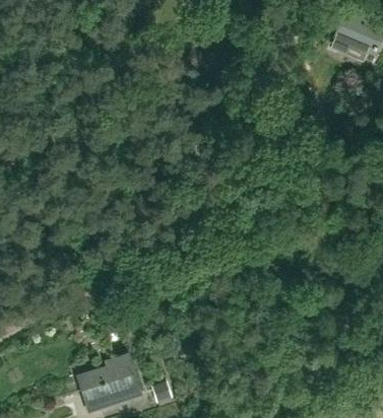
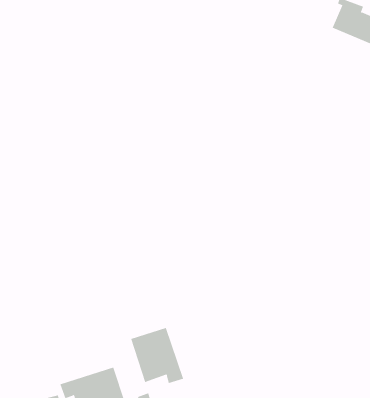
building: none -> [131,327,184,384]

